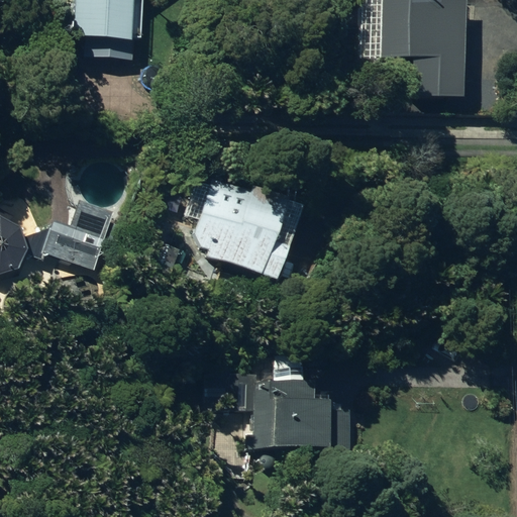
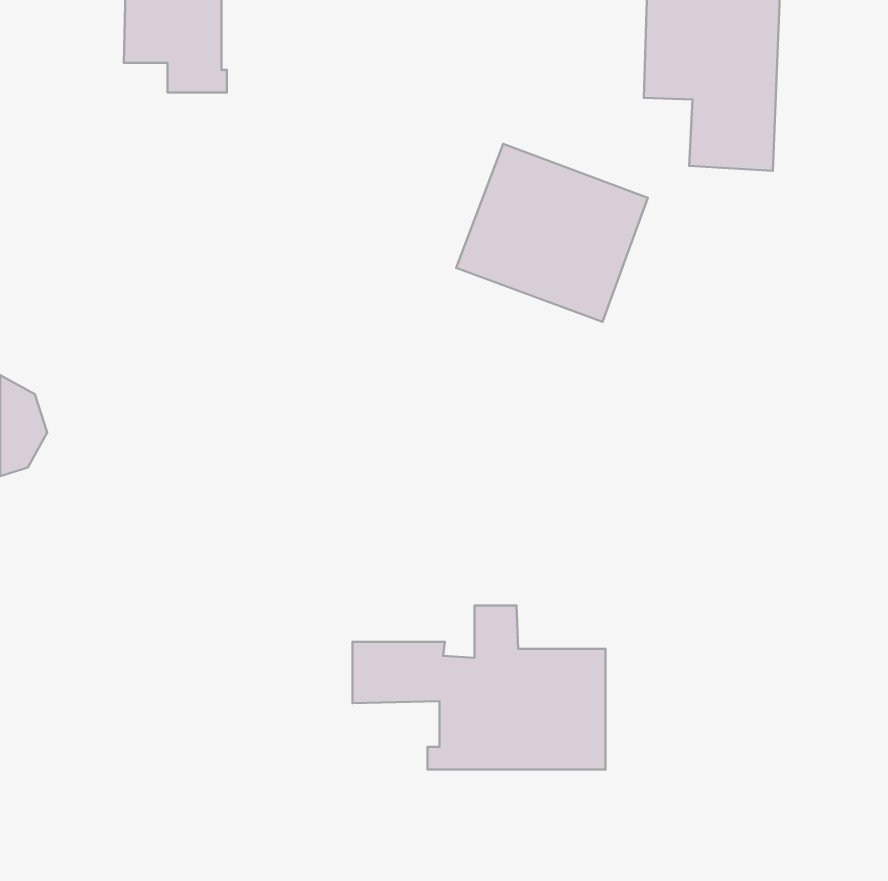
building: [189,177,300,280] -> [456,144,648,322]
building: [44,198,115,267] -> none

